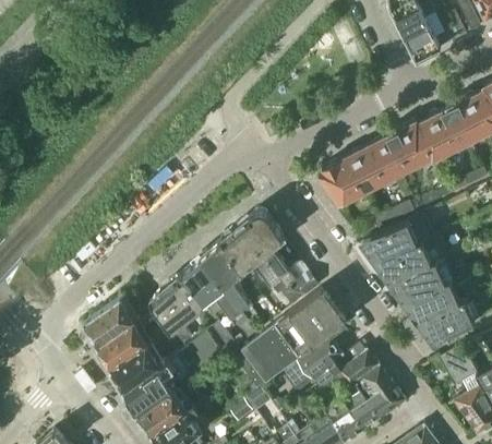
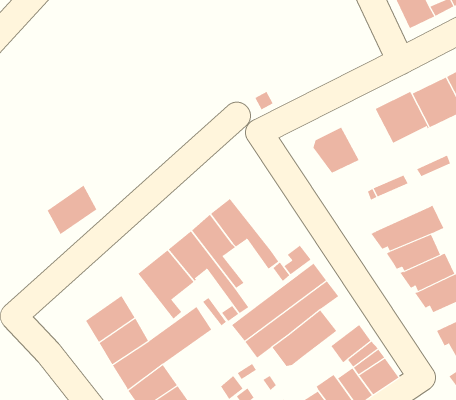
building: [349,140,399,190] -> none
building: [240,213,289,278] -> none
building: [363,214,434,260] -> none
building: [85,298,134,347] -> [47,185,97,235]

